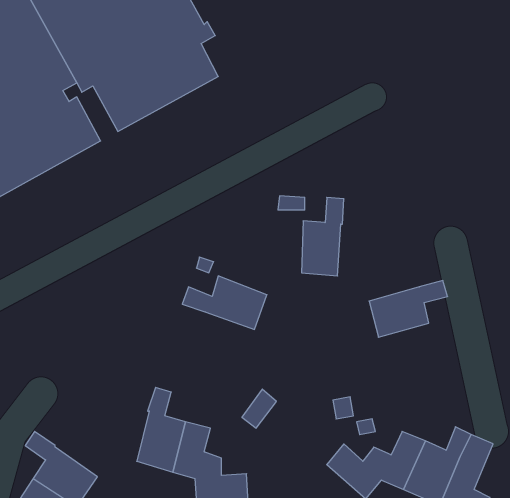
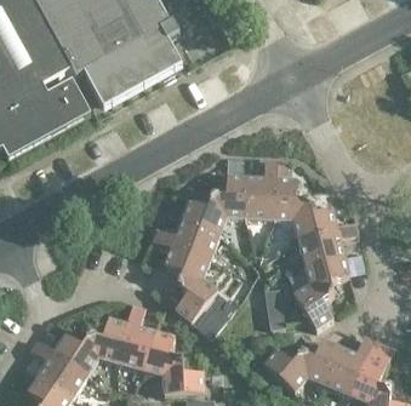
building: none -> [179,175,245,233]
building: none -> [272,178,335,238]
building: none -> [162,246,216,321]
building: none -> [292,255,348,327]
building: none -> [53,318,126,373]

